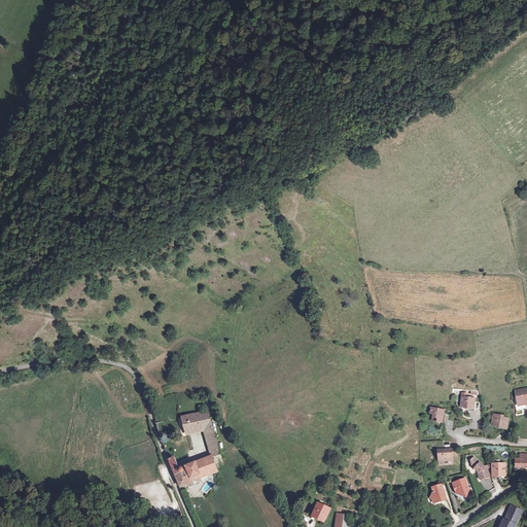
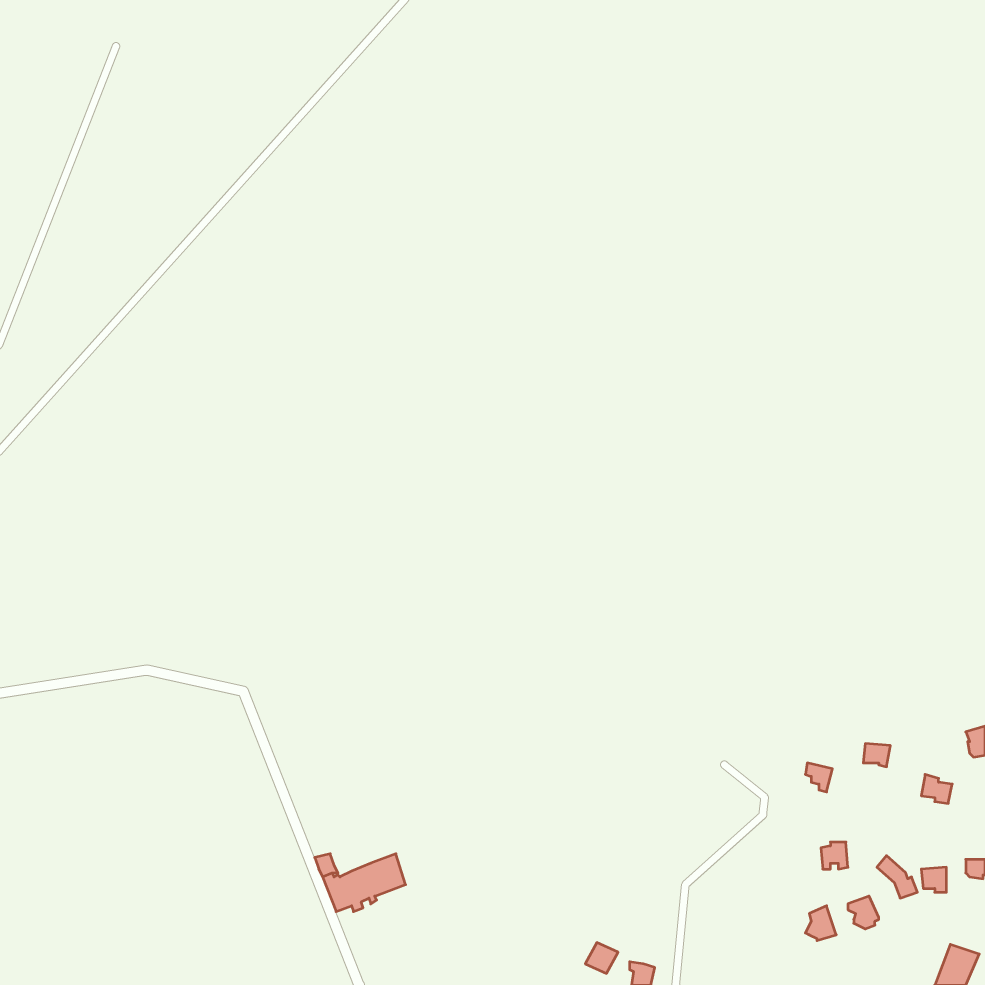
building: [181,411,218,450] -> none

